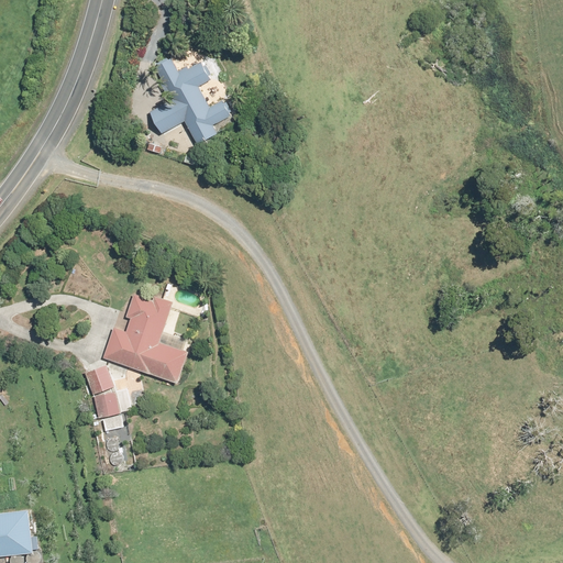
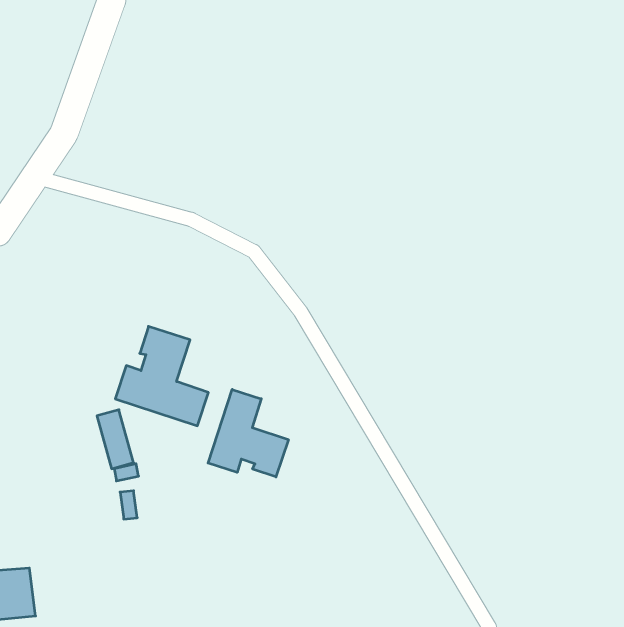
building: [151,58,230,144] -> none
building: none -> [208,389,288,477]

